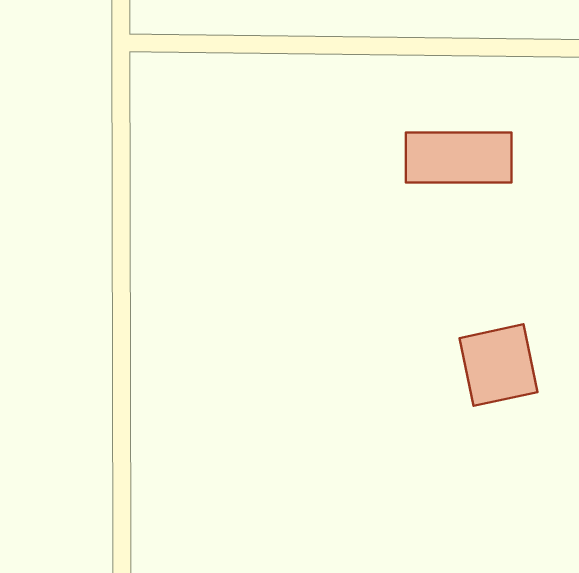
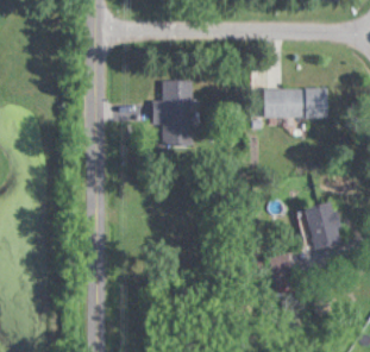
building: none -> [153,80,194,144]

